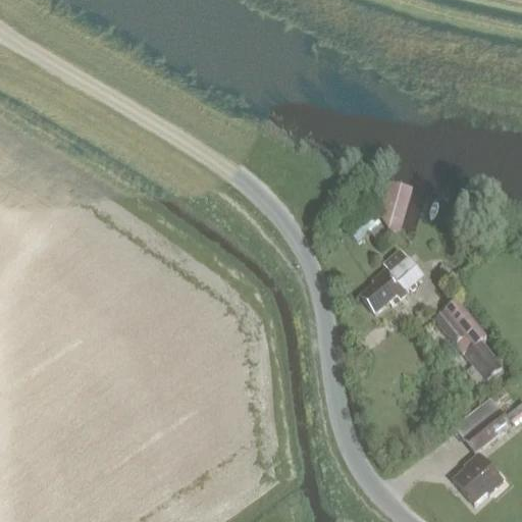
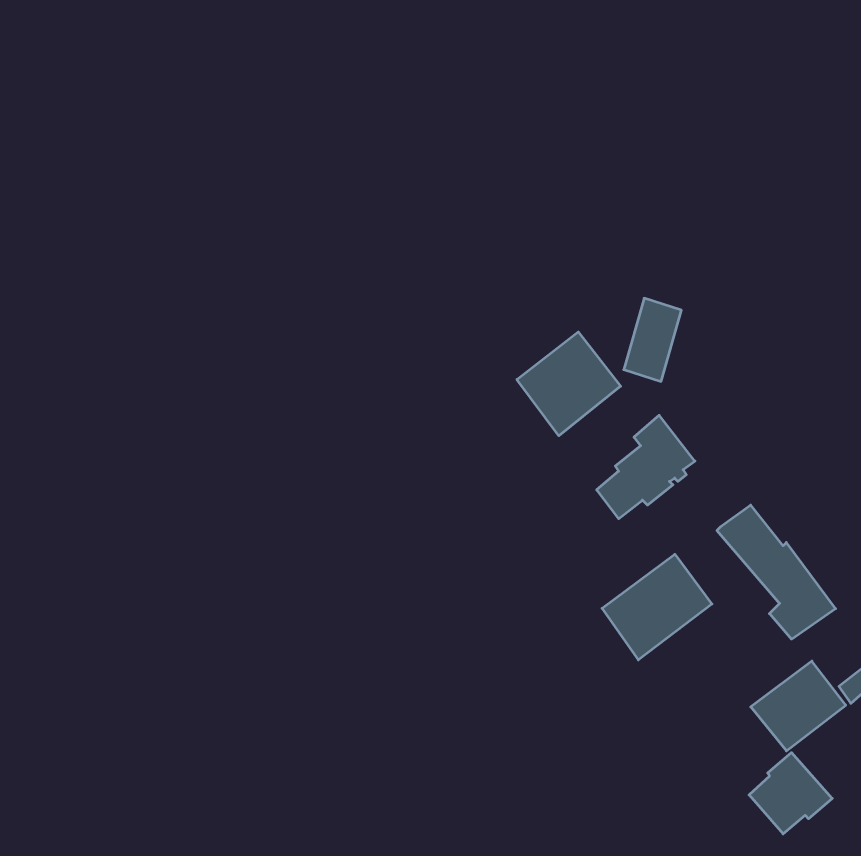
building: none -> [517,332,621,436]
building: none -> [602,554,712,660]

